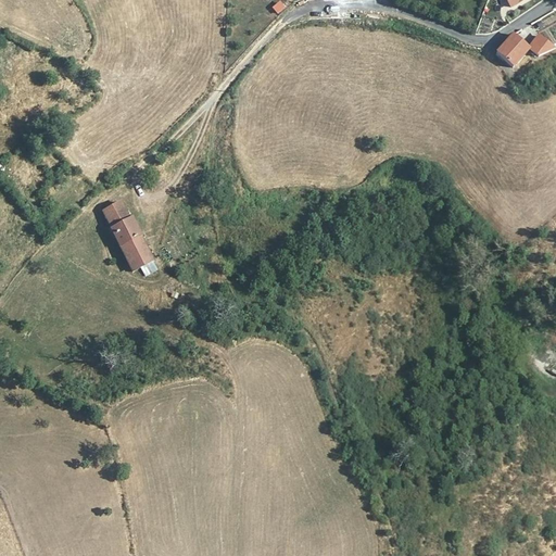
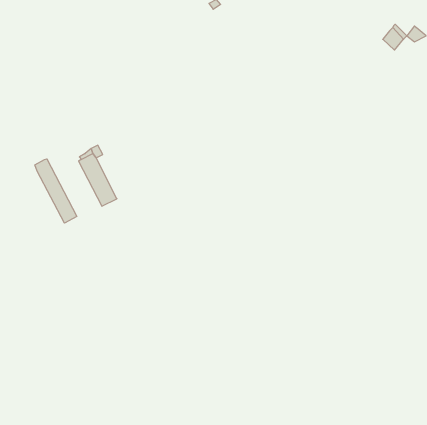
building: none -> [35,159,77,223]

